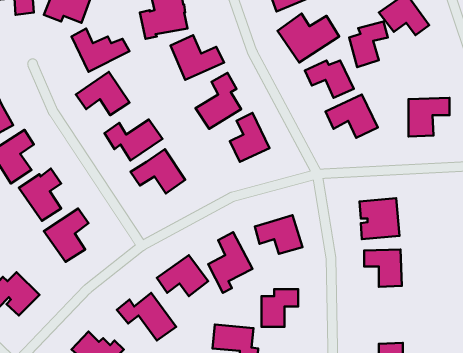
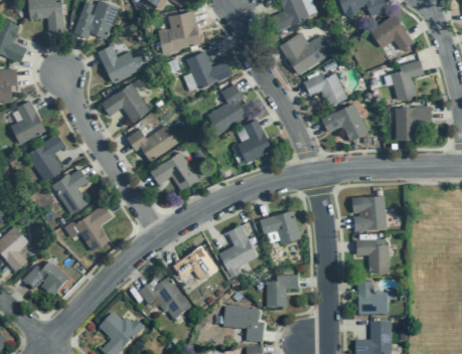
building: [349,21,388,67] -> [391,59,425,100]
building: none -> [358,281,388,315]

